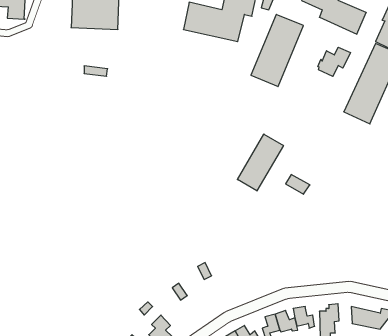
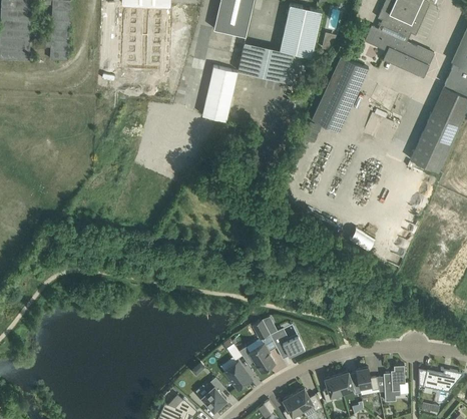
building: none -> [202,66,238,120]
building: [318,47,350,76] -> none
building: [237,134,283,191] -> none
building: none -> [271,330,305,359]
building: none -> [249,343,276,372]
building: none -> [225,362,252,389]

